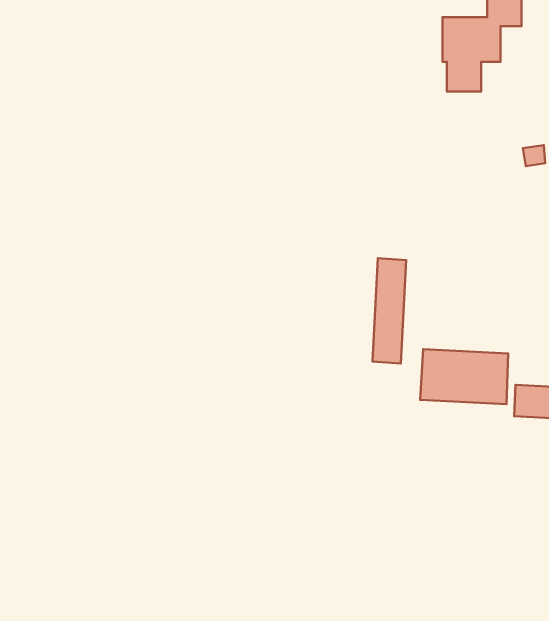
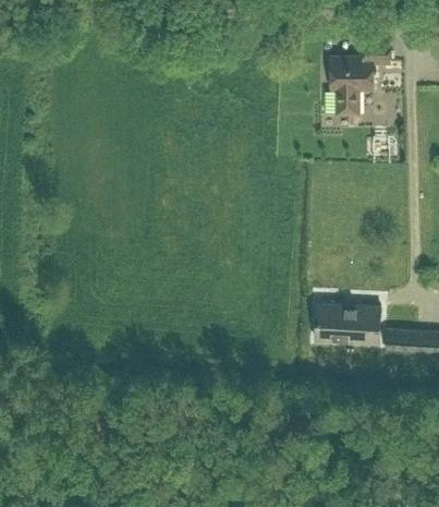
building: [372,258,406,363] -> none

